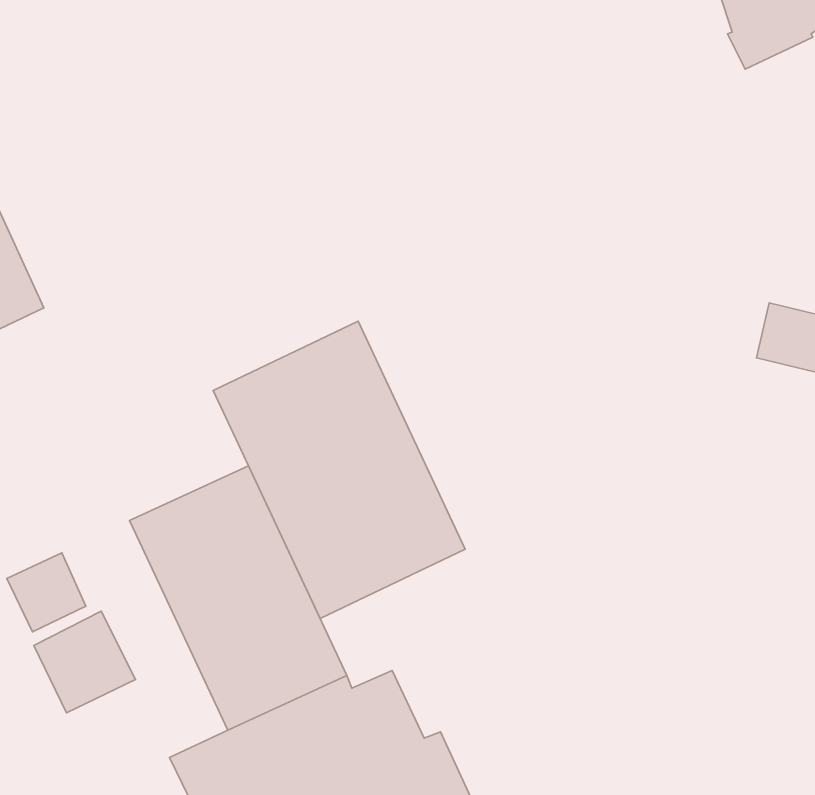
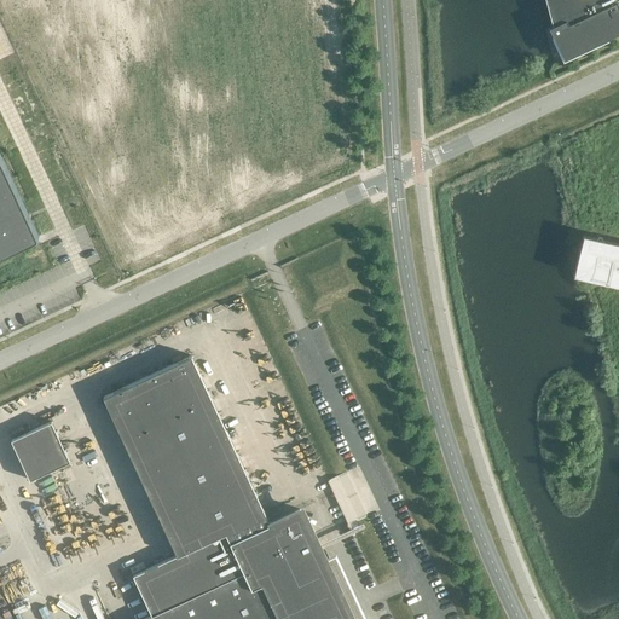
building: [213,321,465,618] -> none
building: [34,611,135,713] -> none

